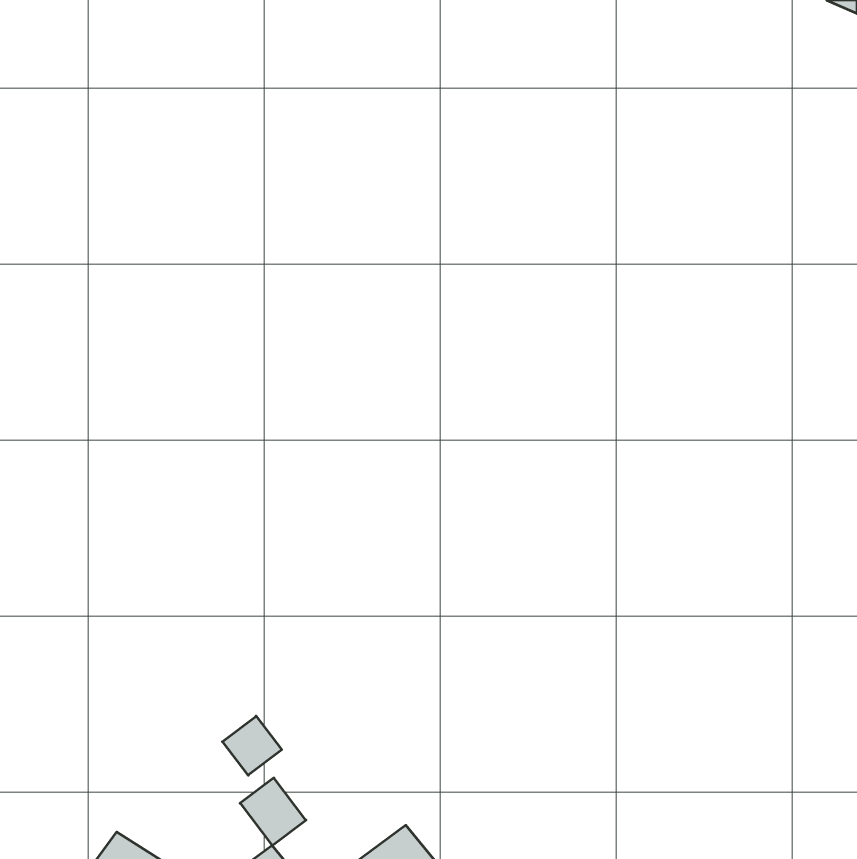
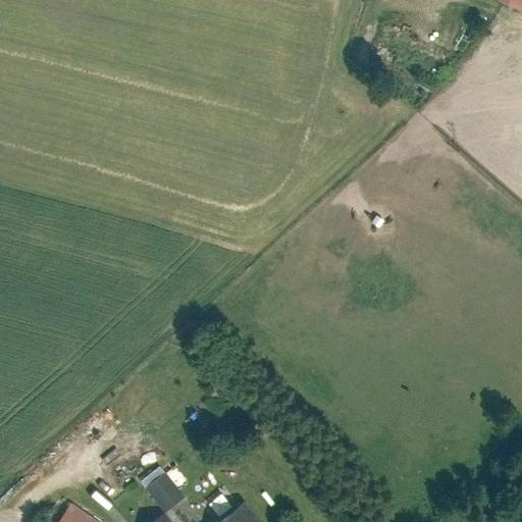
building: [222,716,282,775] -> none

